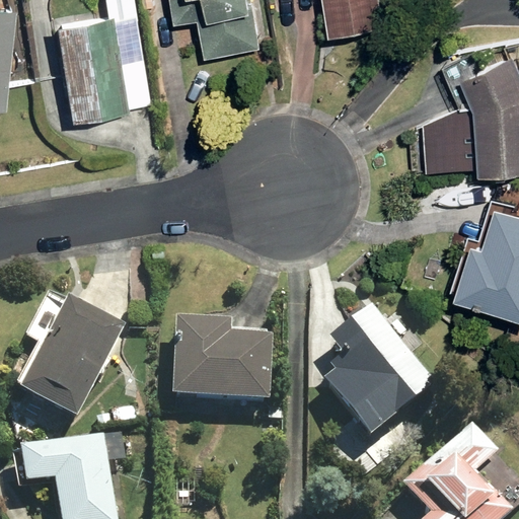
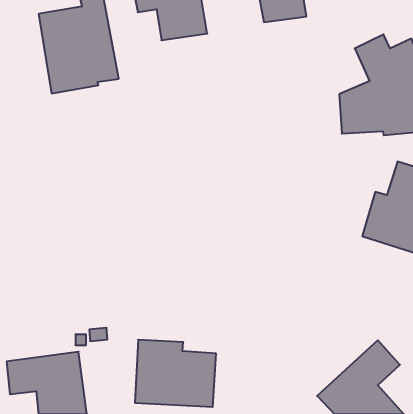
building: [15,302,123,428] -> none
building: [319,307,437,443] -> none
building: [168,324,269,407] -> [135,340,216,407]

